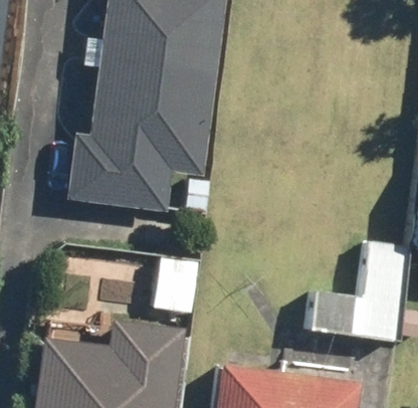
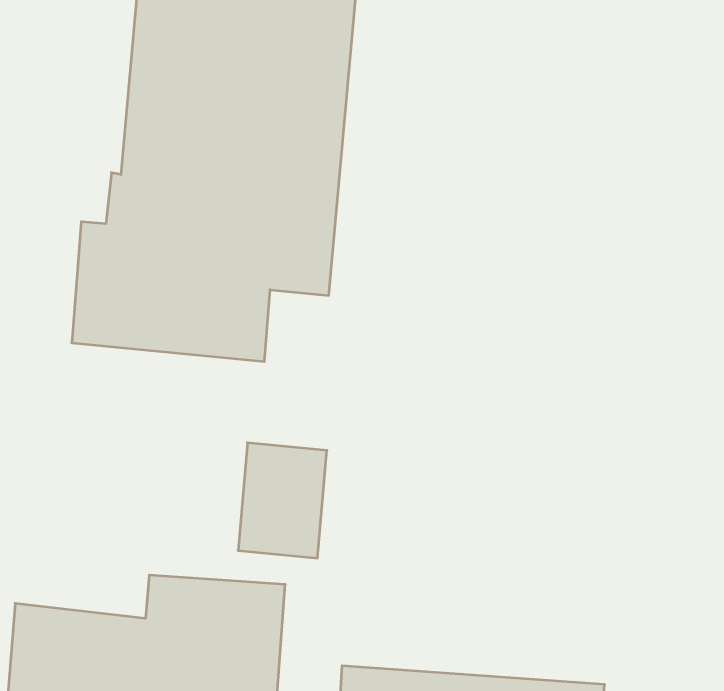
building: [316,245,407,348] -> none

